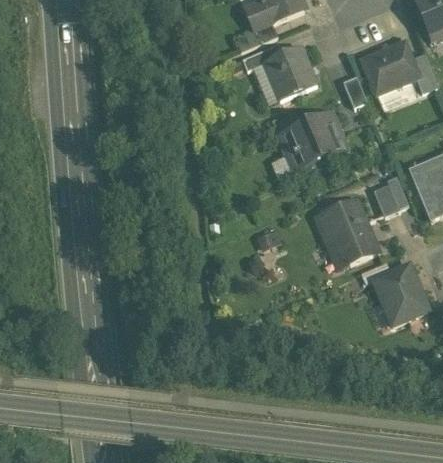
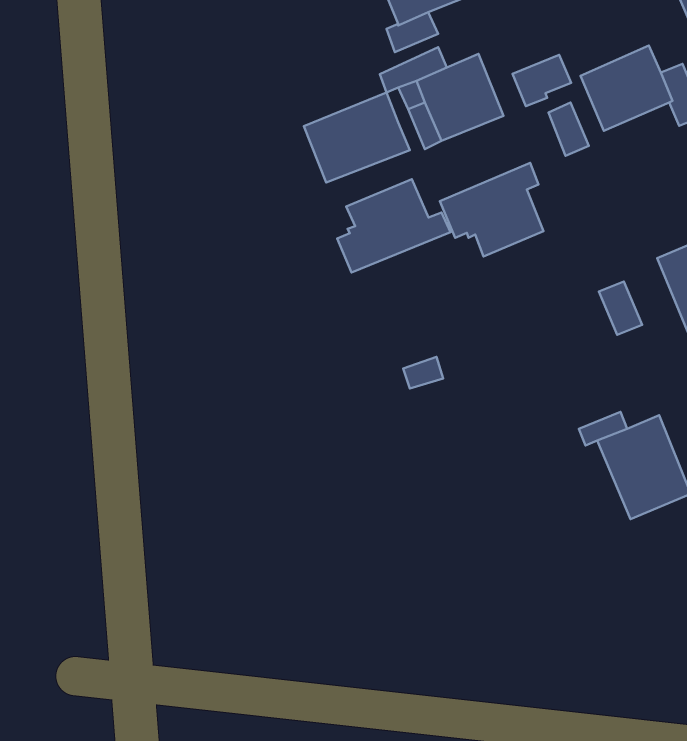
building: none -> [512,55,571,106]
building: none -> [304,92,410,183]
building: none -> [337,179,450,273]
building: [321,197,378,265] -> none

